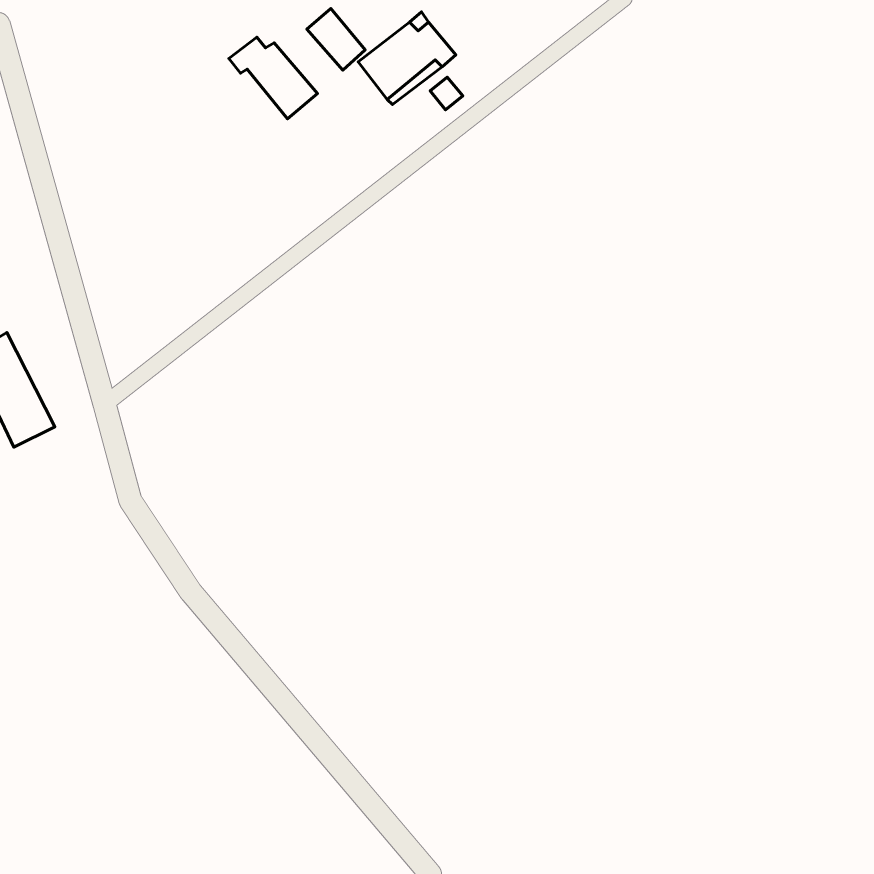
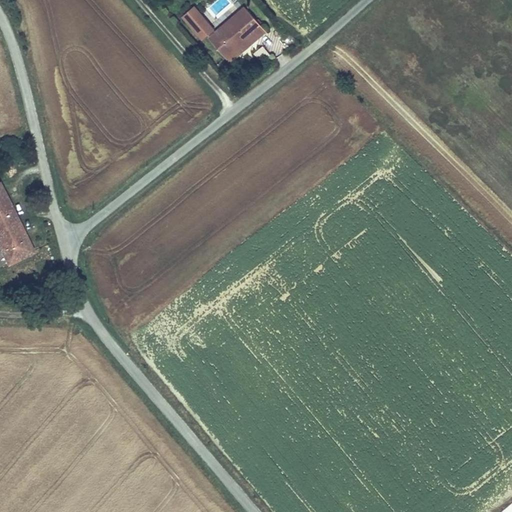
building: [229,37,317,119] -> none

